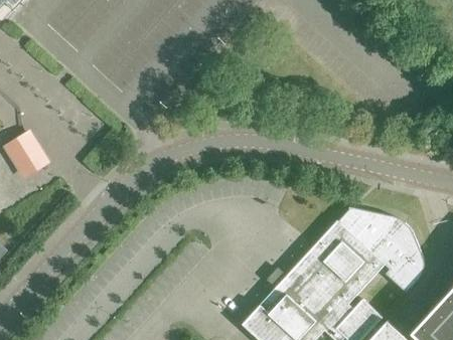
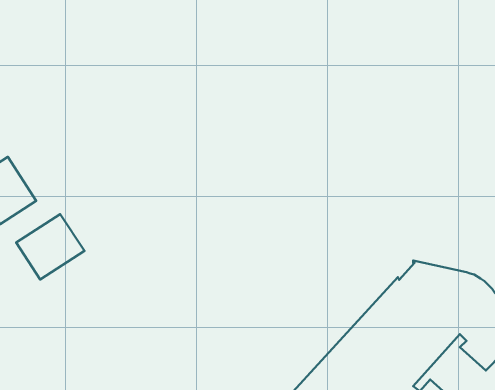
building: none -> [16,214,84,280]

